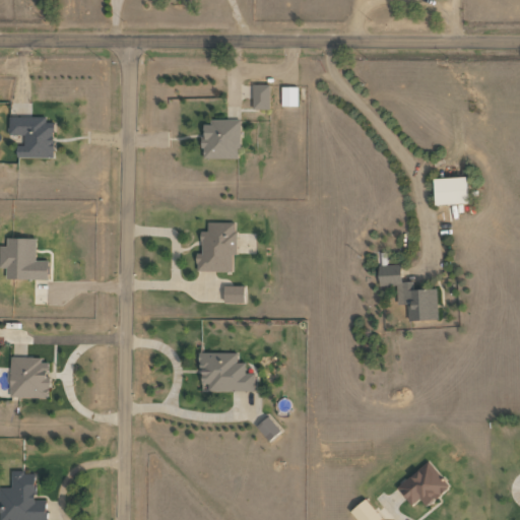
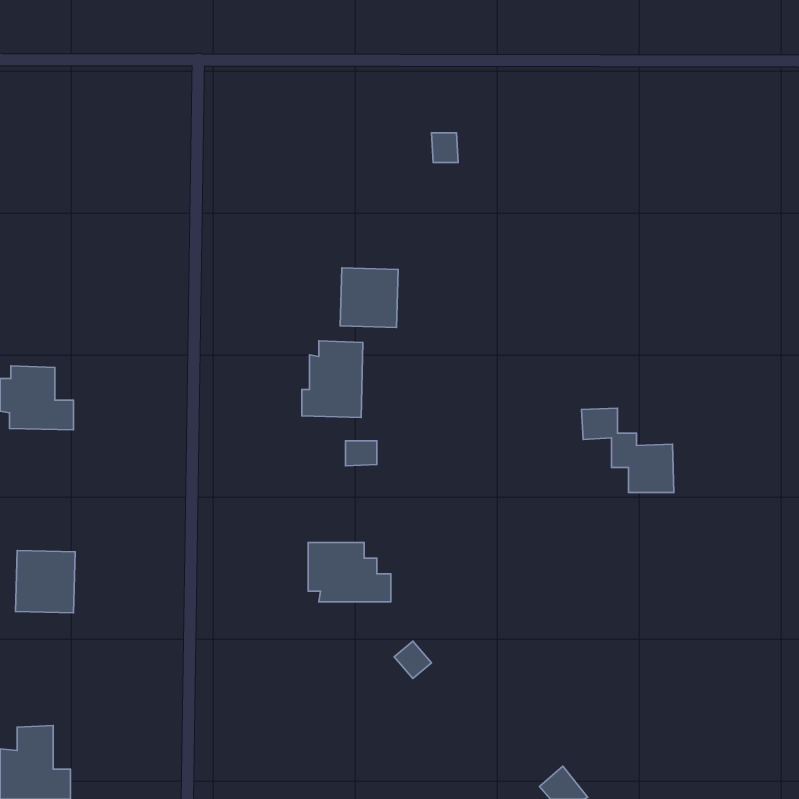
building: [252,84,269,110] -> none
building: [9,117,54,157] -> none
building: [202,120,240,158] -> [340,268,398,327]
building: [433,177,466,204] -> none
building: [396,461,449,506] -> none

